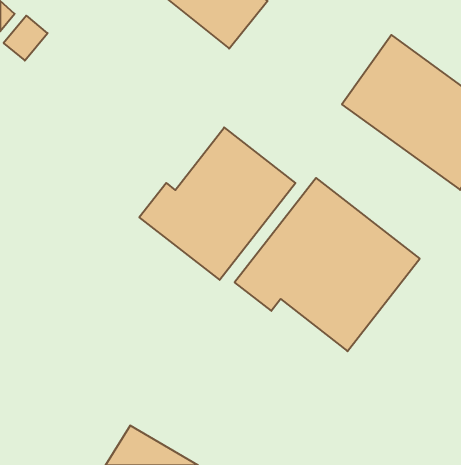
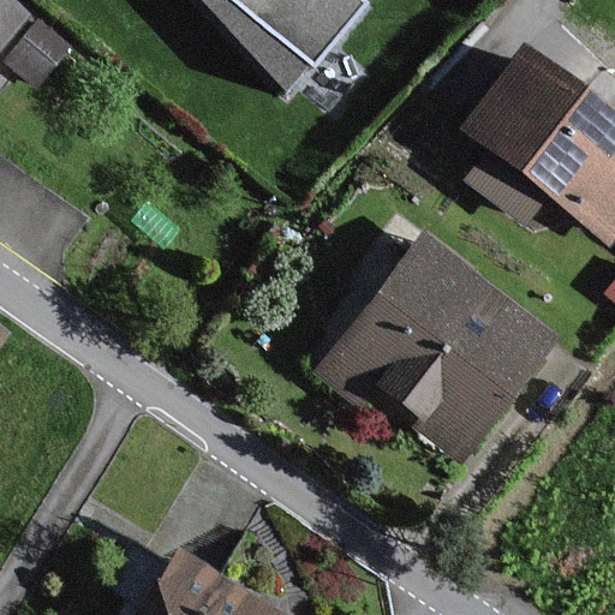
building: [139,127,295,280] -> none

